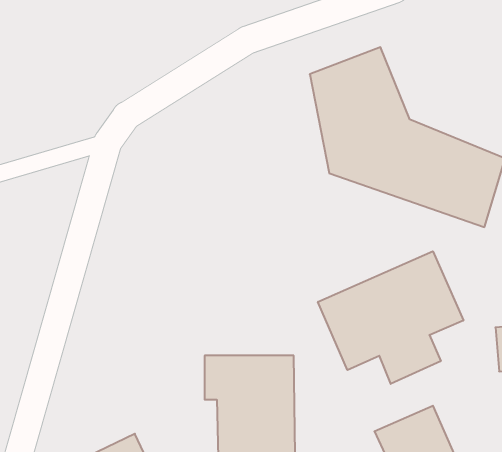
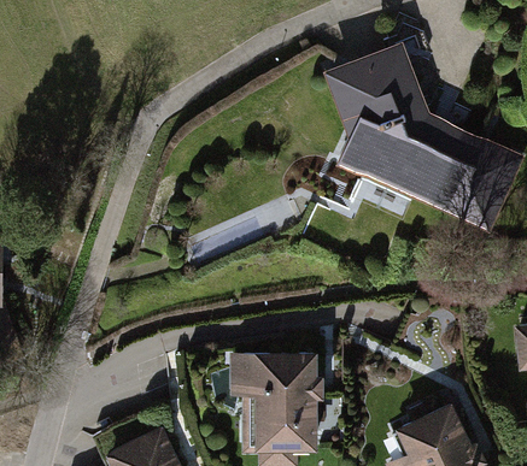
building: [318,251,463,384] -> none

